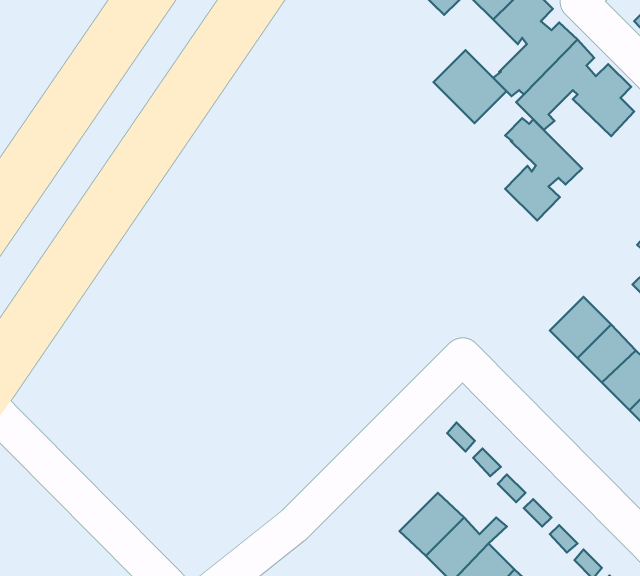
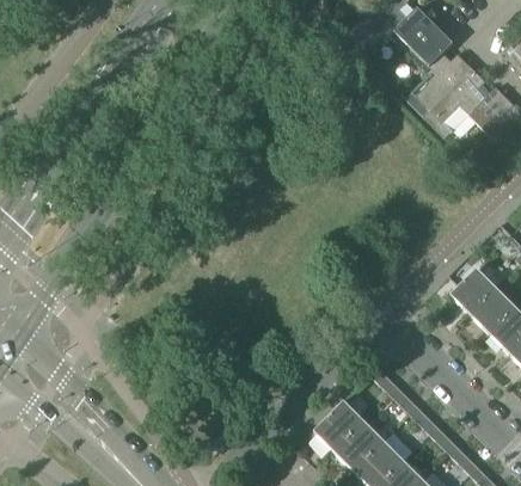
building: [433,50,507,123] -> none
building: [505,118,582,220] -> none
building: none -> [314,400,363,450]

